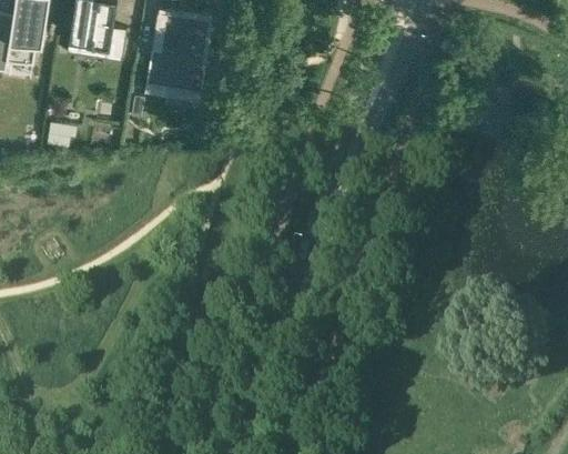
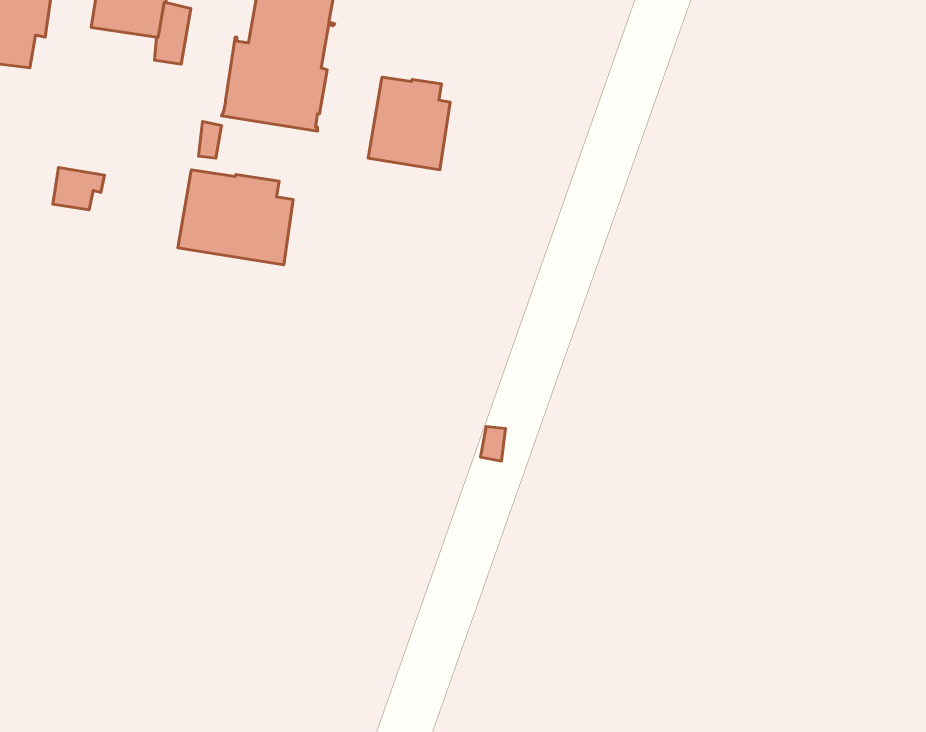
building: none -> [368,77,450,170]
building: none -> [178,170,293,265]

